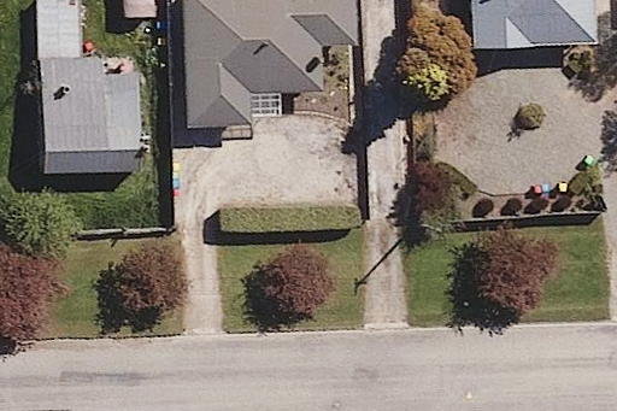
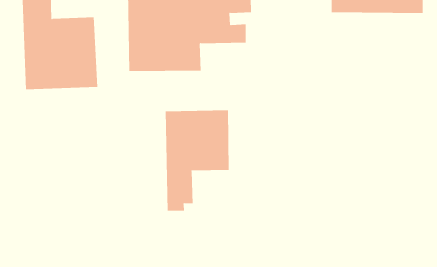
building: none -> [165,110,229,212]

